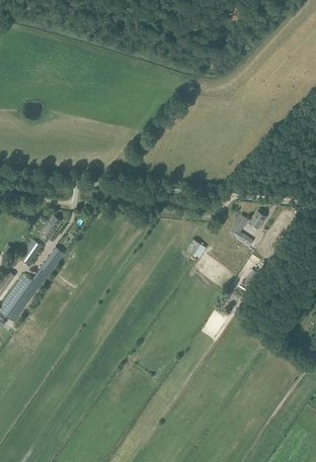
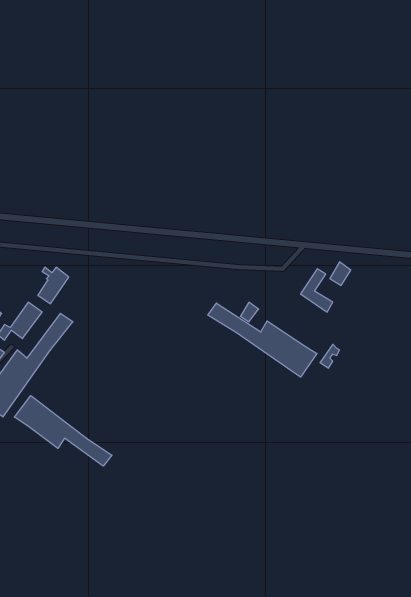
building: none -> [208,303,317,377]
building: none -> [14,396,112,466]

